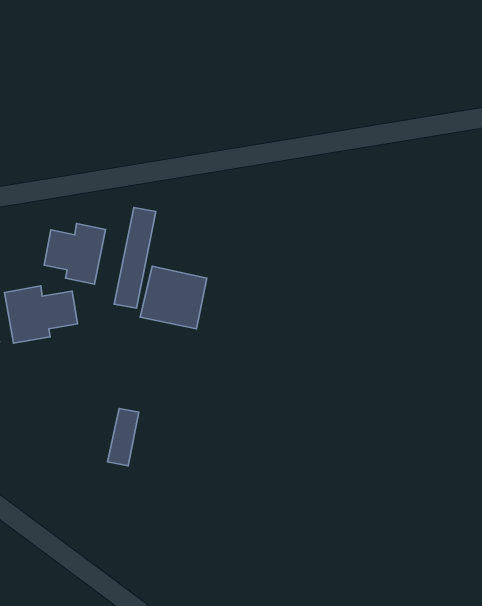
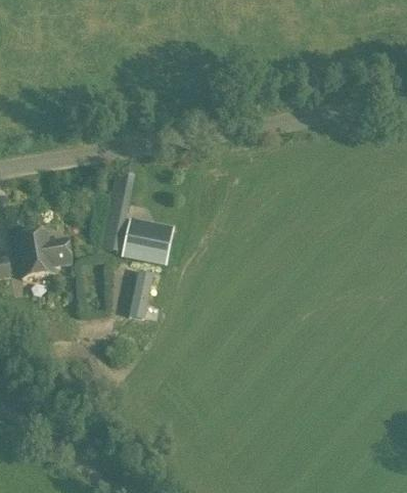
building: [44,223,106,284] -> none
building: [107,408,139,466] -> [130,277,154,322]

